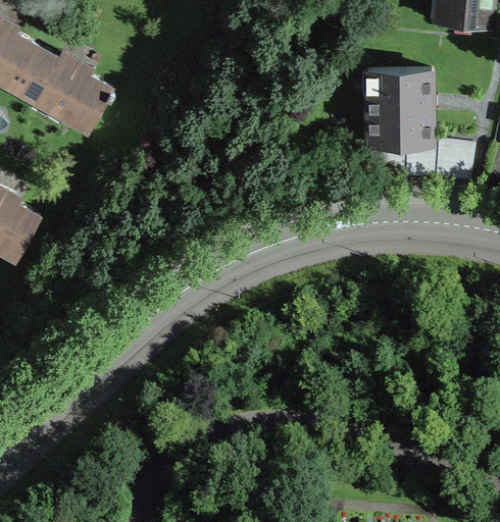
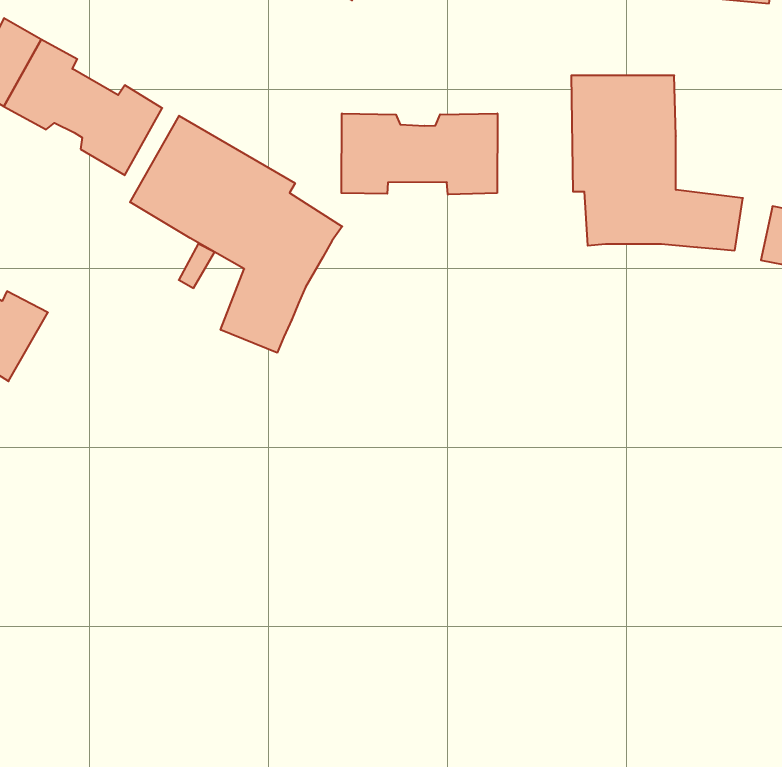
building: none -> [341,113,497,195]
building: none -> [130,116,342,353]

